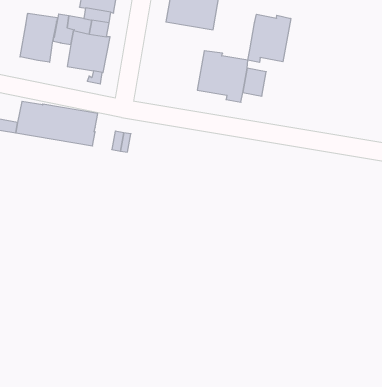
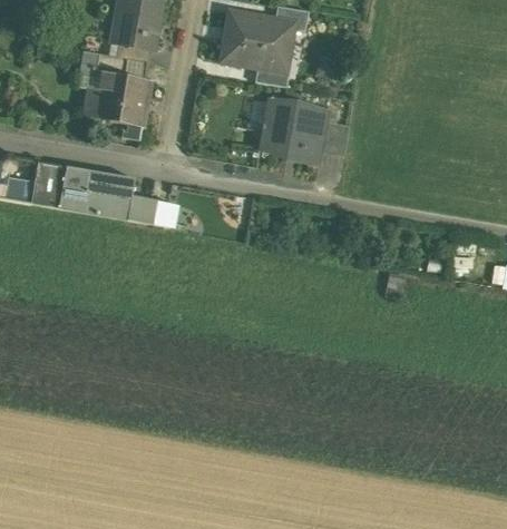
building: [20,13,58,62] -> none
building: [248,14,291,62] -> none
building: none -> [128,195,157,223]

